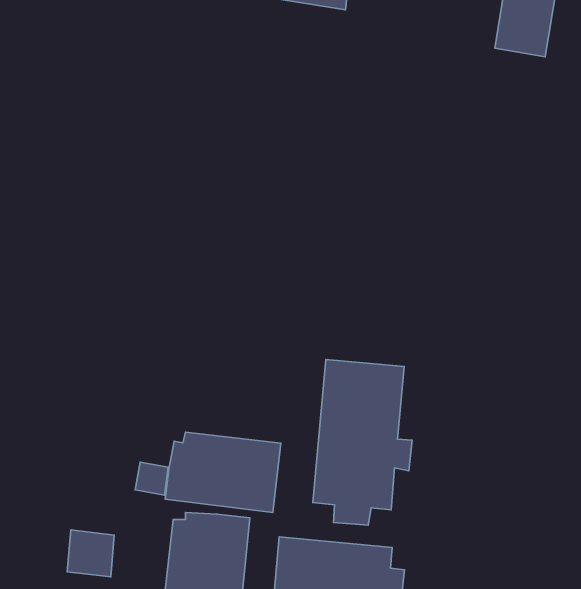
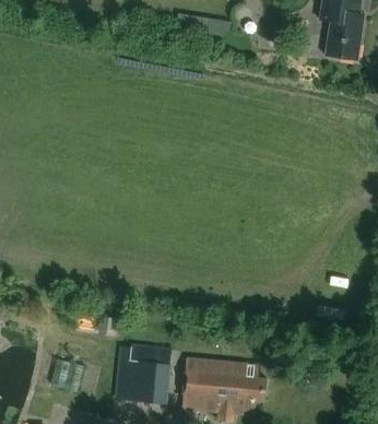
building: [313,359,412,525] -> none
building: [165,432,281,513] -> none

